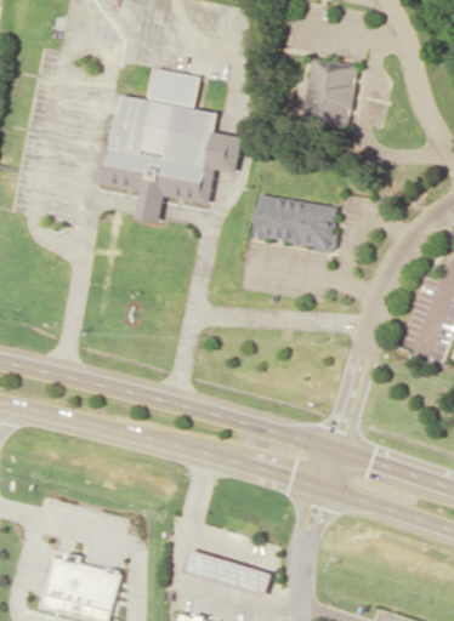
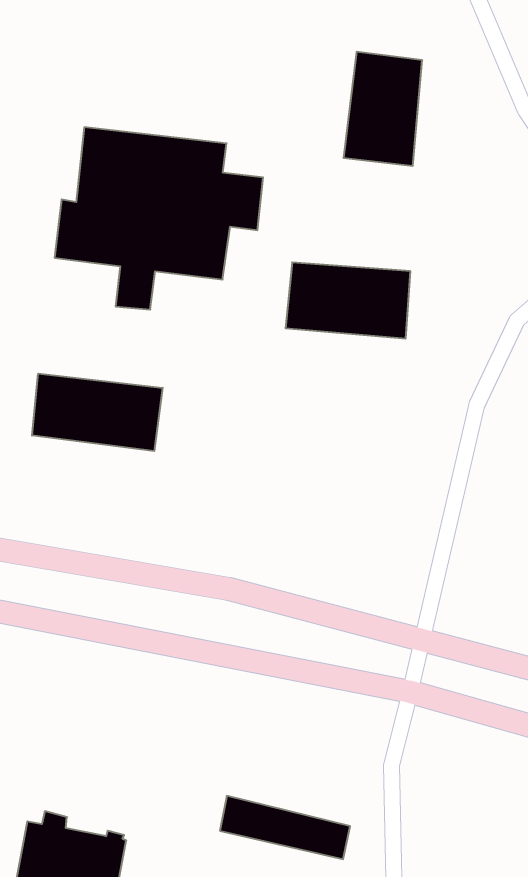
building: [152,68,203,106] -> none
building: none -> [32,374,163,451]

